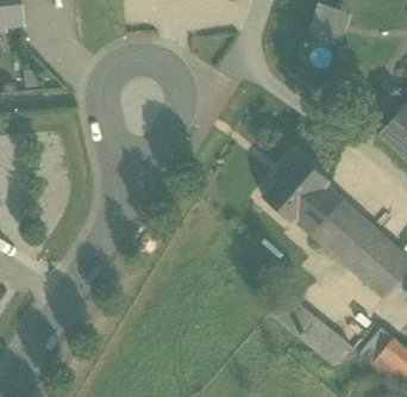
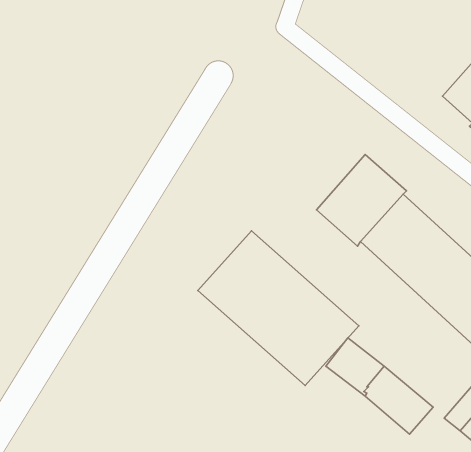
building: none -> [198,231,359,385]

